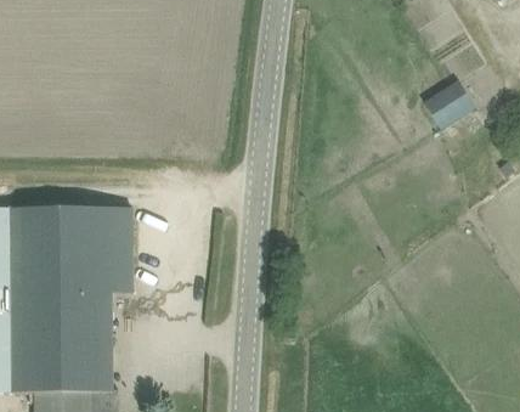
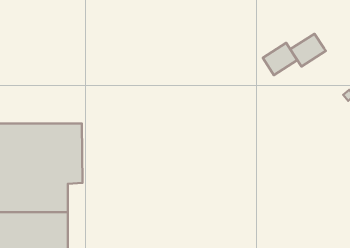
building: none -> [263,43,297,75]

